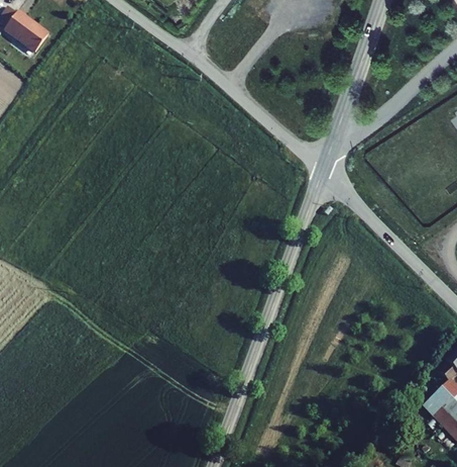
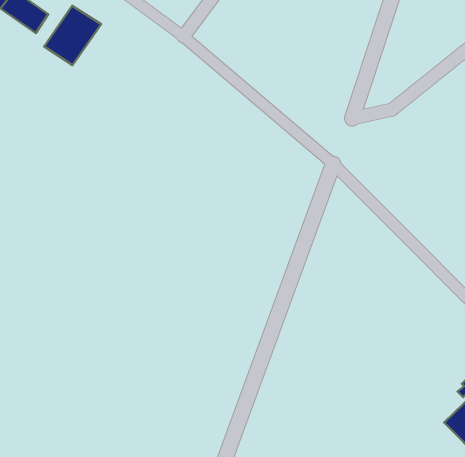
building: none -> [44,6,101,65]

